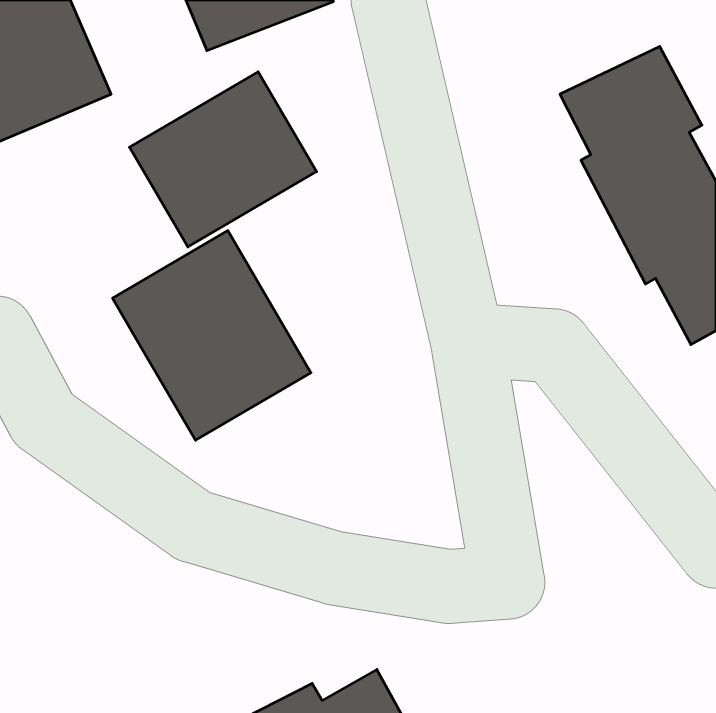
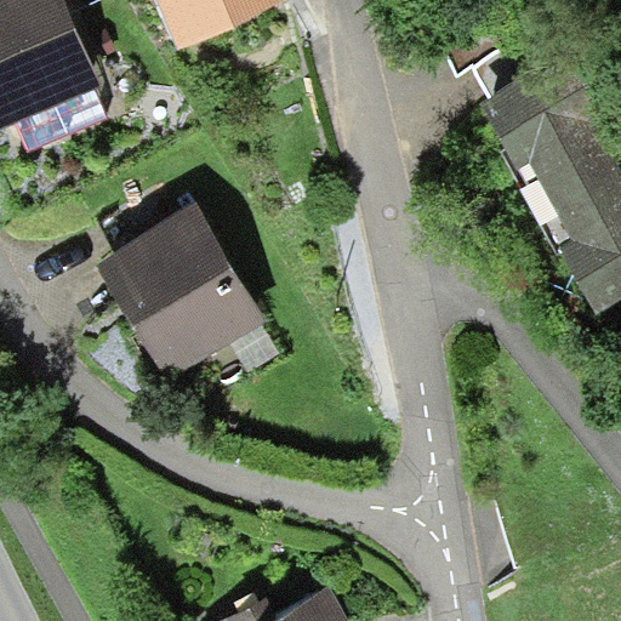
building: [129,72,317,247] -> none

